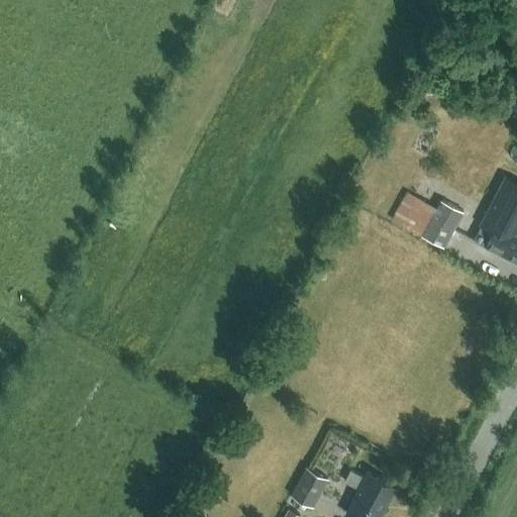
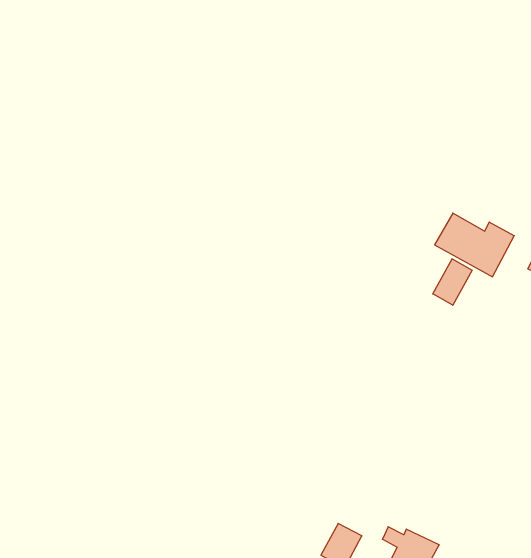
building: none -> [433,259,472,305]

